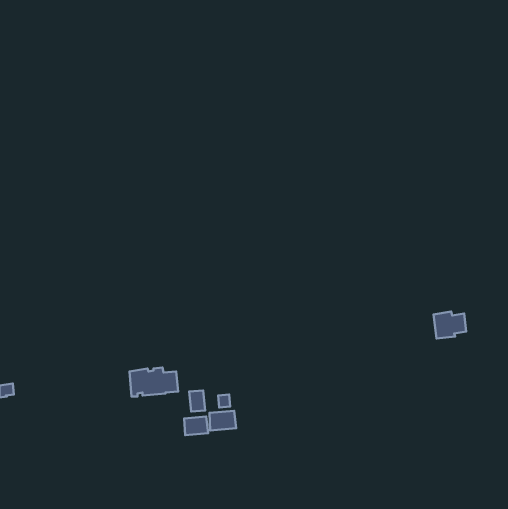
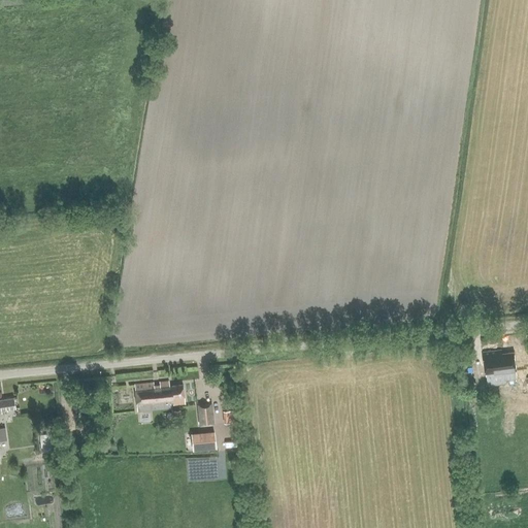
building: [433,312,466,338] -> [482,350,516,377]
building: [209,411,236,430] -> none

